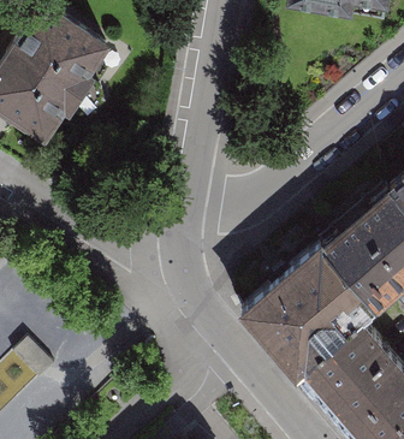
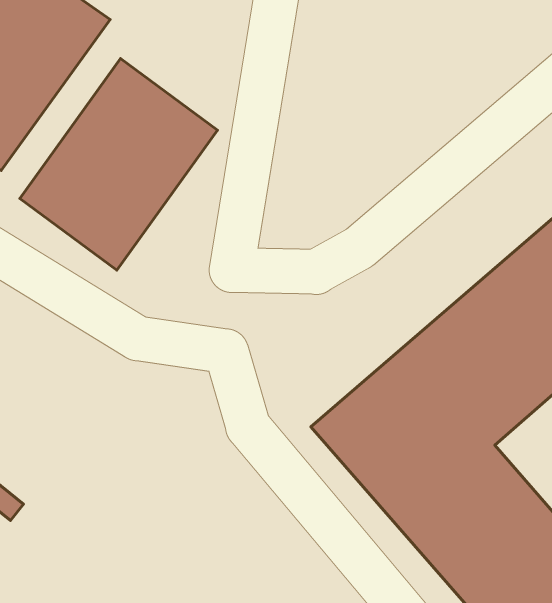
building: none -> [20,59,218,270]

